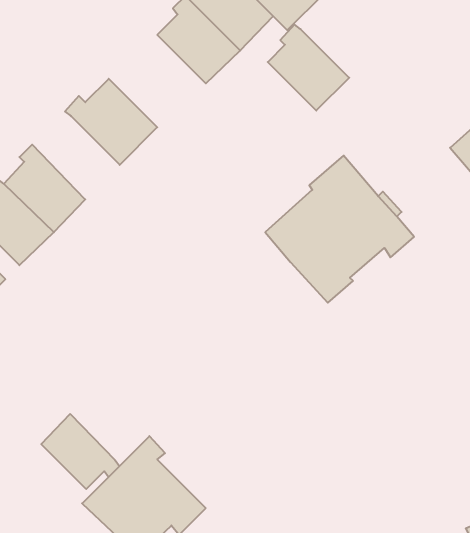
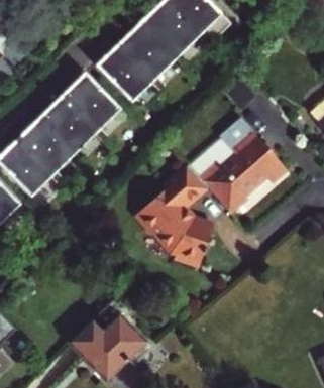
building: [268,24,349,111] -> [100,39,152,95]
building: none -> [40,95,97,148]
building: none -> [137,166,213,270]
building: [41,414,119,489] -> none

